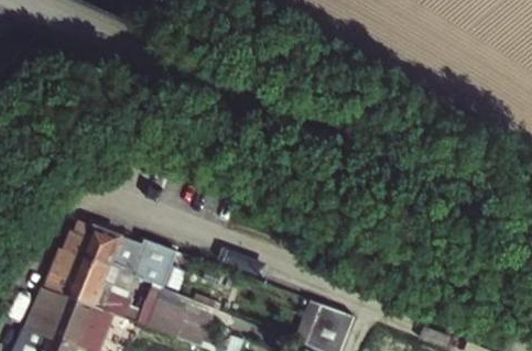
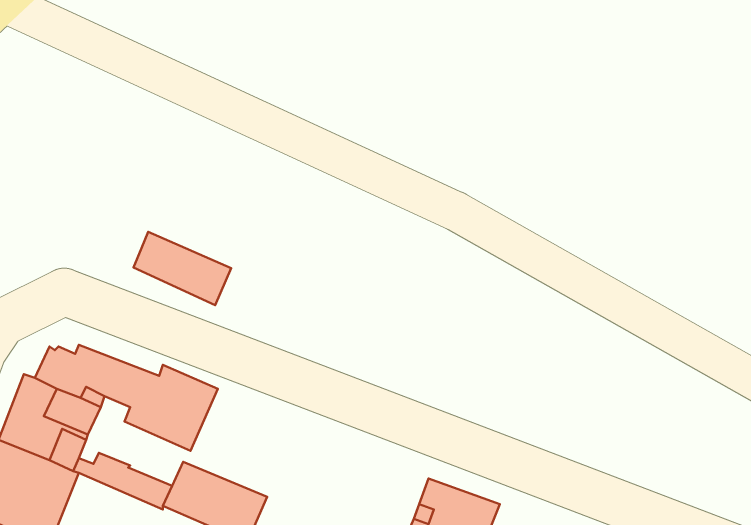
building: none -> [133,232,231,305]

